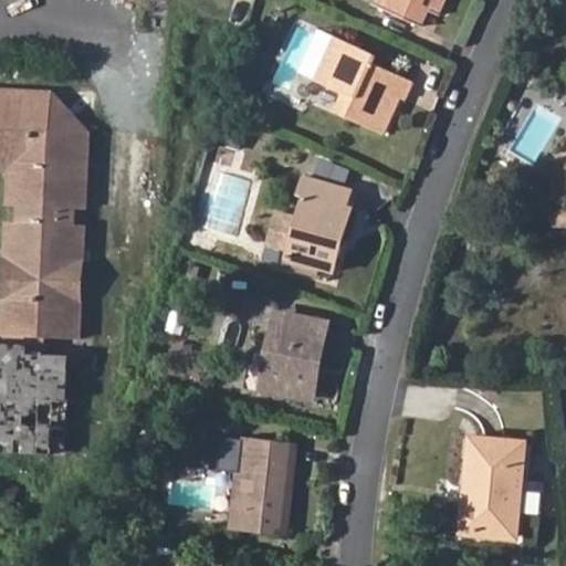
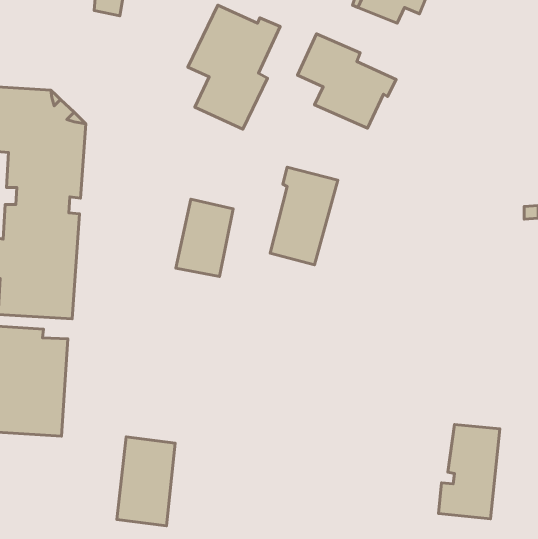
building: none -> [188,5,280,129]
building: [261,315,321,396] -> [176,199,233,276]
building: [233,438,294,531] -> [117,437,175,526]

